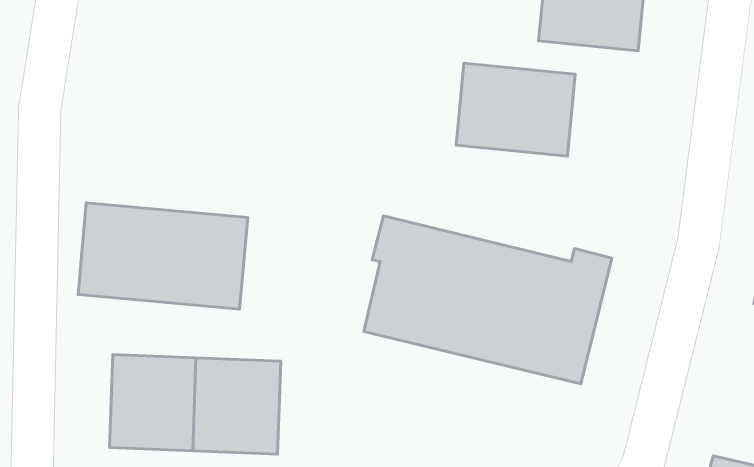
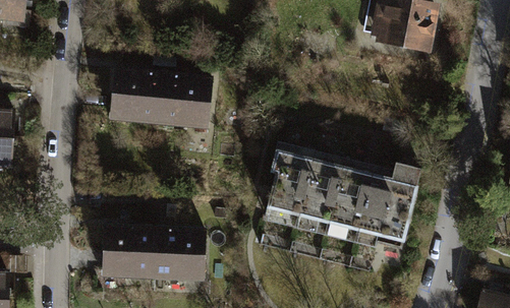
building: [456,63,575,156] -> none
building: [78,203,248,309] -> [108,65,214,131]

